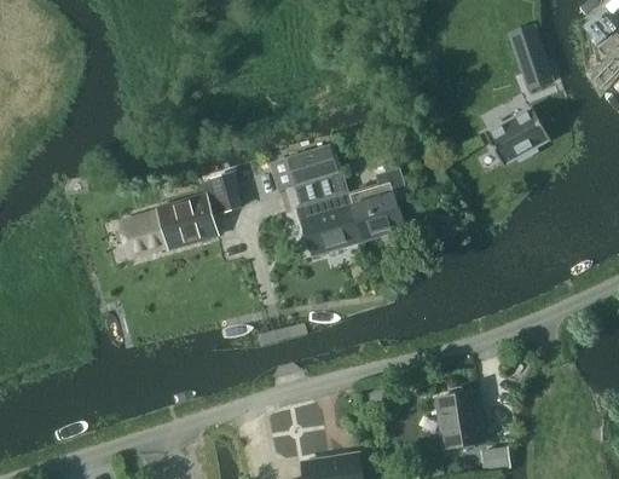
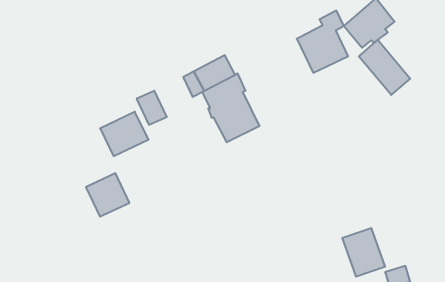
building: none -> [359,40,410,95]
building: [345,166,406,238] -> [297,11,348,73]
building: [117,209,168,260] -> [86,173,129,217]

